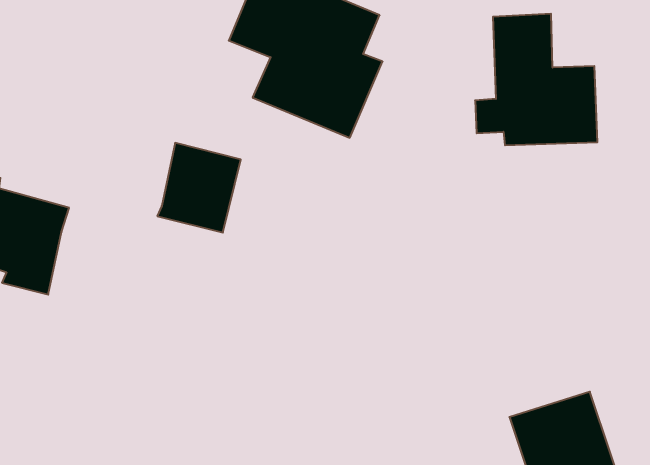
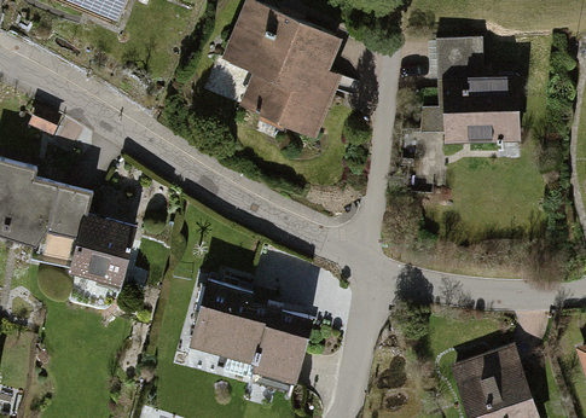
building: [157,143,241,233] -> [70,213,138,285]
building: none -> [188,279,314,385]

